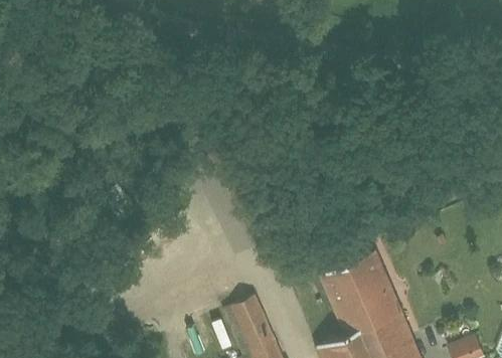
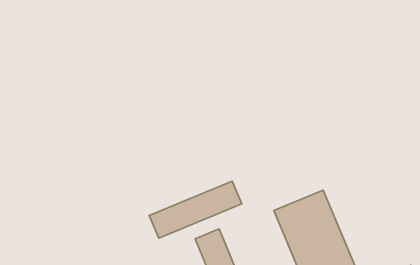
building: none -> [149,181,242,238]

